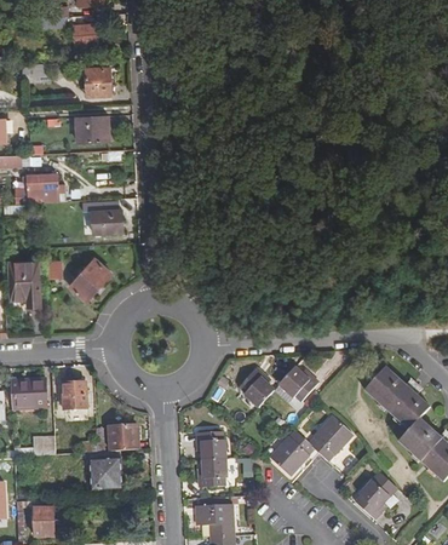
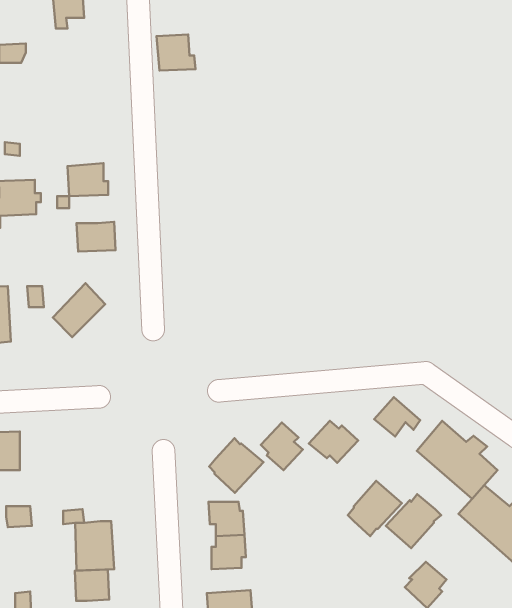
building: [84,65,115,94] -> [157,35,196,71]
building: [75,114,108,140] -> [68,163,108,196]
building: none -> [374,397,420,436]
building: [61,380,86,407] -> none
building: none -> [209,438,263,493]
building: [109,424,137,449] -> [75,569,109,601]
building: [270,432,315,476] -> [386,494,441,548]

